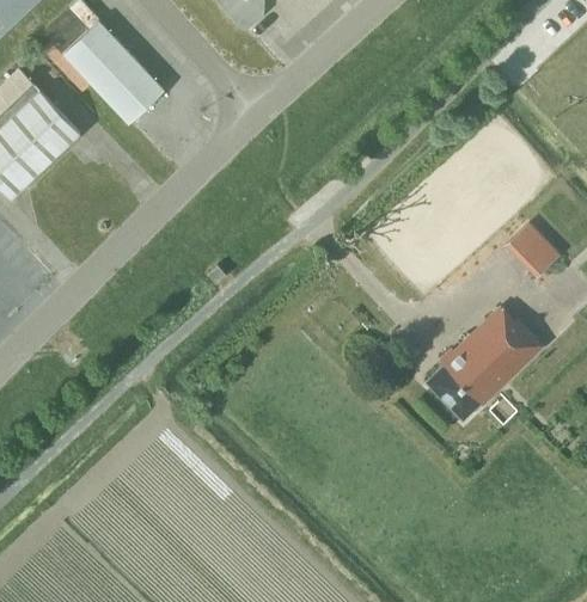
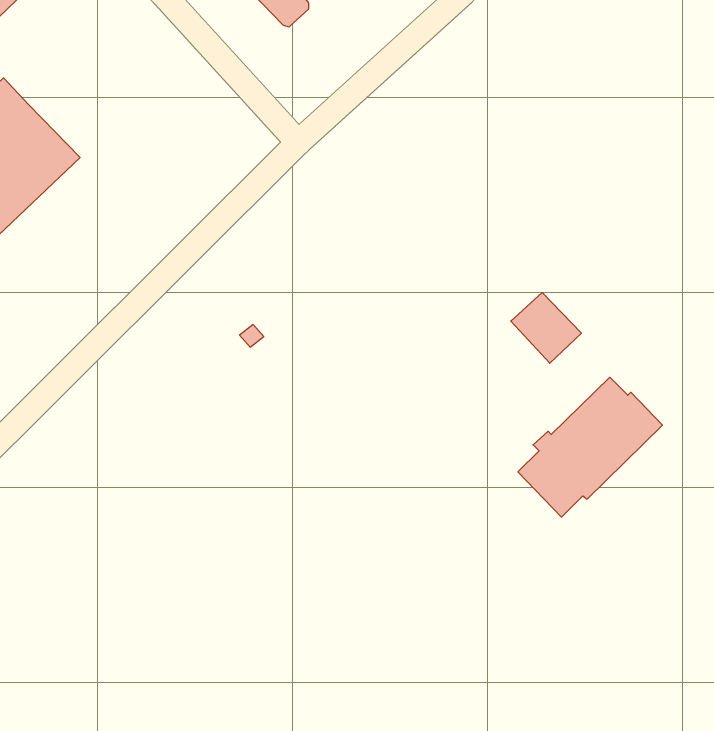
building: [61,20,163,123] -> none
building: [502,221,558,277] -> [511,293,581,363]

